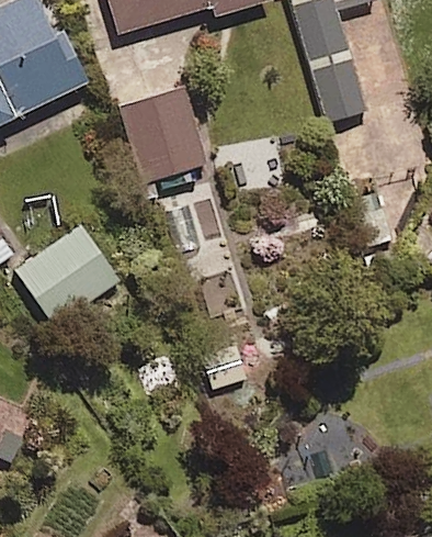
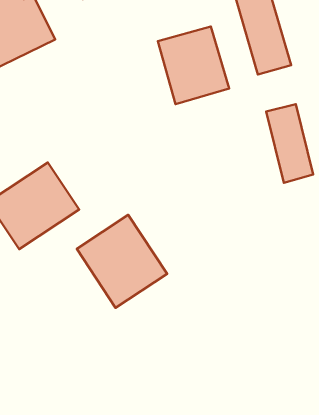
building: [122,90,206,182] -> [158,27,229,104]
building: none -> [77,215,167,308]

